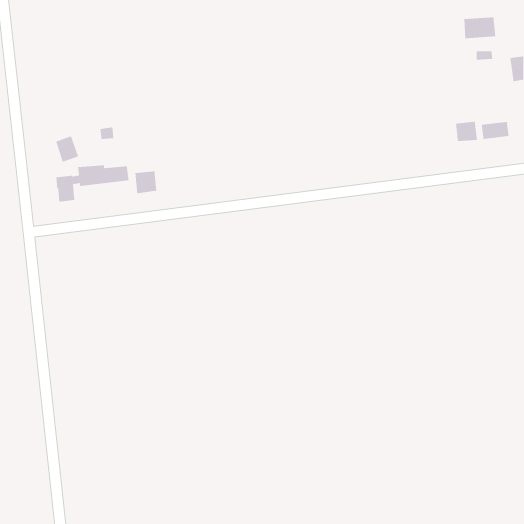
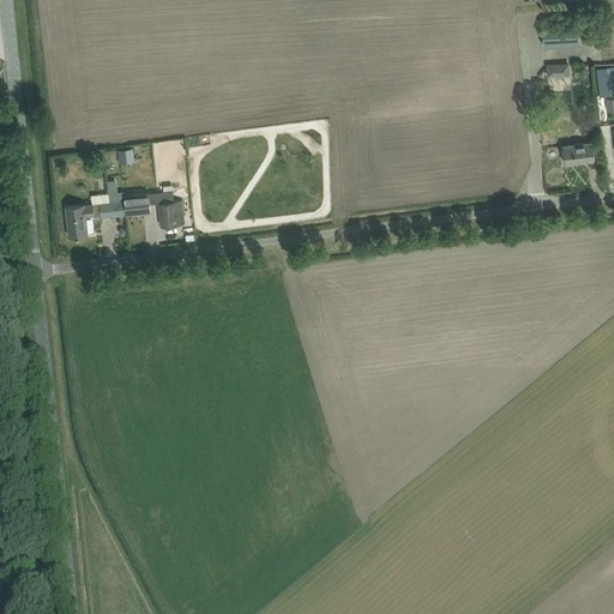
building: [455,121,478,142] -> none
building: [55,135,79,163] -> none

